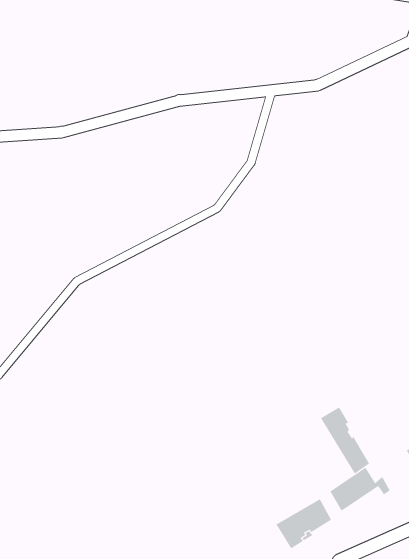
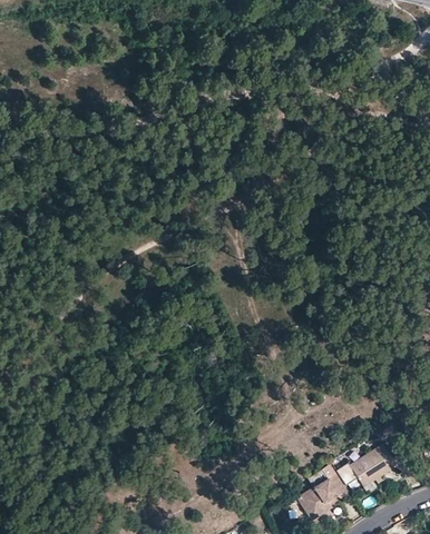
building: [320,406,370,474] -> none

